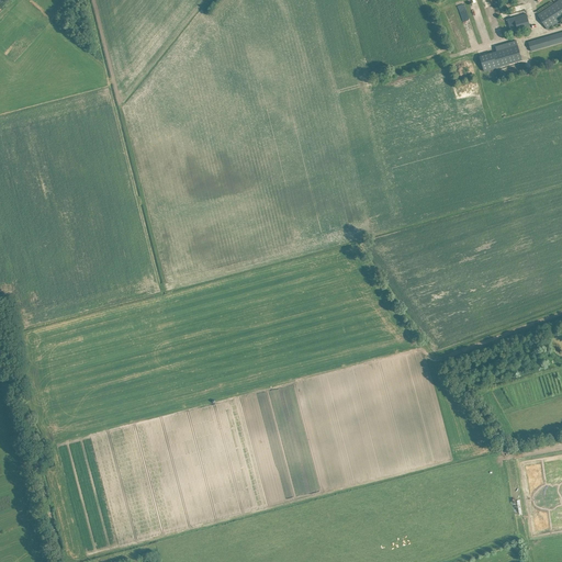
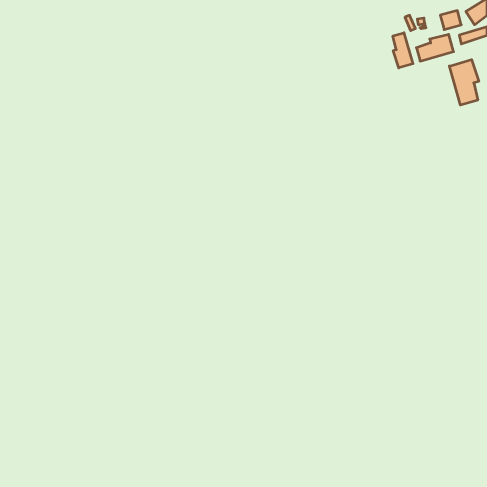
building: none -> [393,33,413,68]
building: none -> [449,60,479,105]

